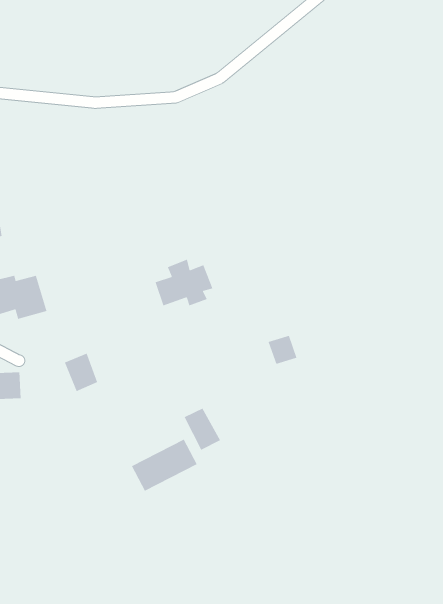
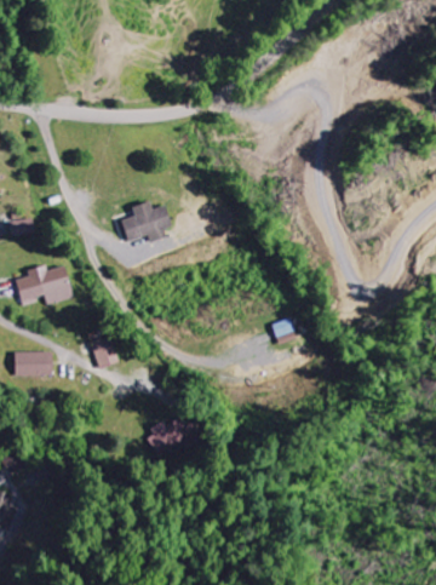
building: [155,259,213,306] -> [120,200,172,242]
building: [183,408,221,451] -> none

